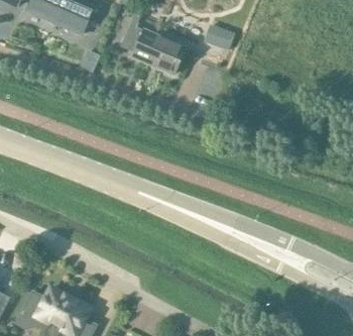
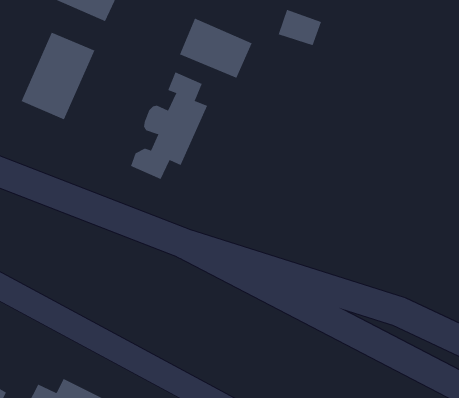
building: none -> [21,32,95,120]
building: none -> [127,72,208,180]

